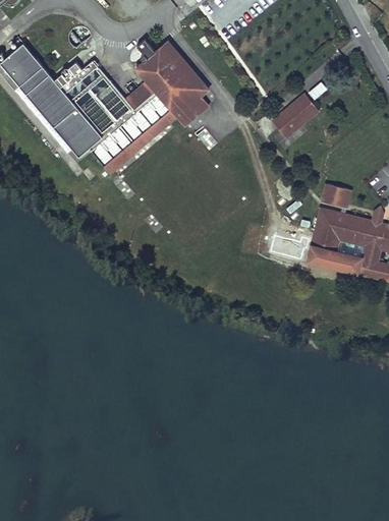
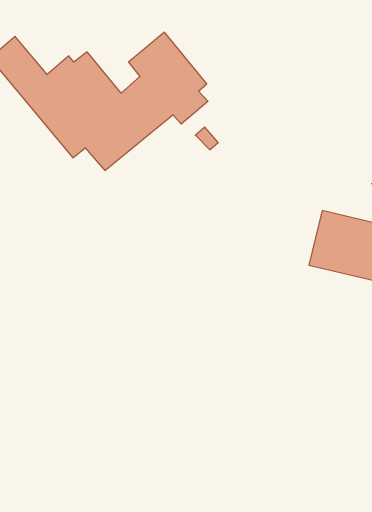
building: [276,94,323,137] -> none
building: [323,185,352,210] -> none

